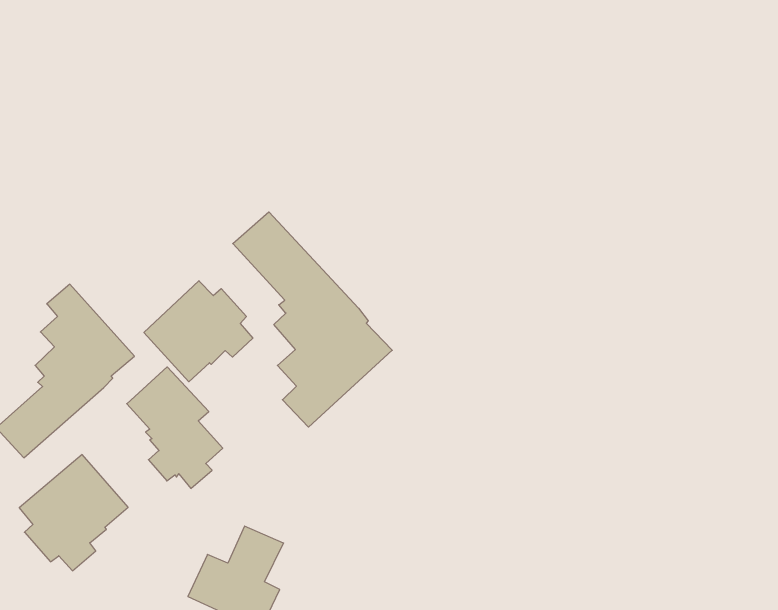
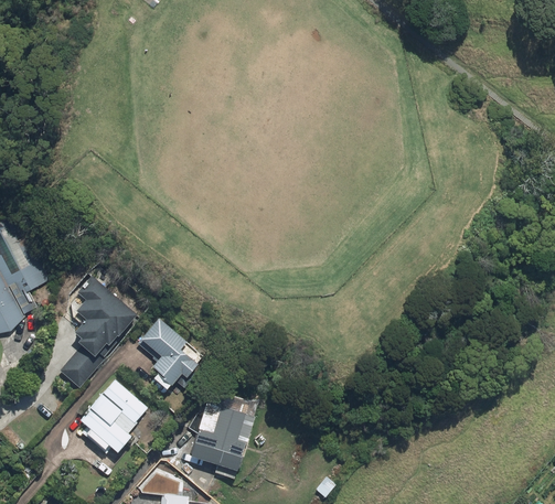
building: [233,212,392,427] -> none
building: [144,281,253,382] -> none

